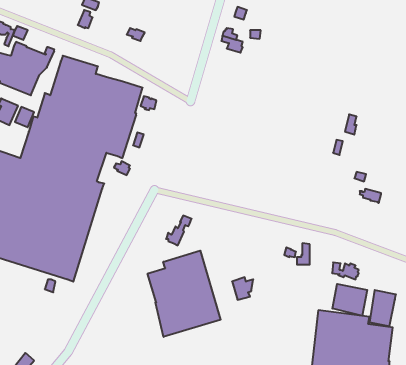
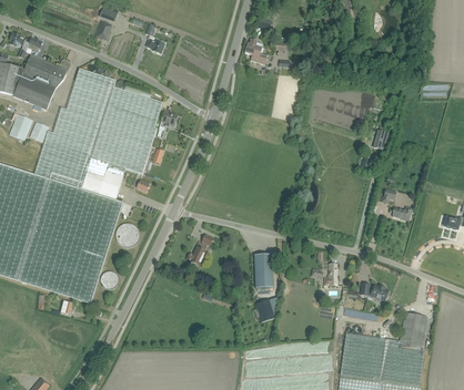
building: none -> [253,254,272,287]
building: [148,251,221,337] -> none
building: [332,284,367,316] -> none

